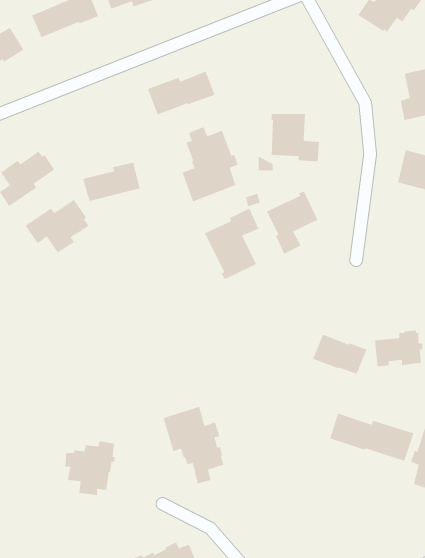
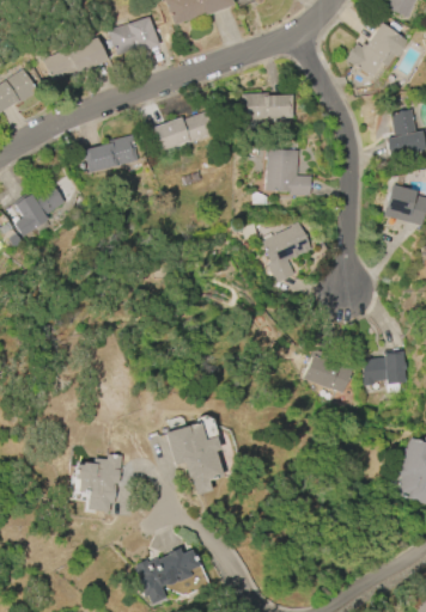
building: none -> [242,93,293,123]
building: [182,126,239,202] -> none
building: [82,162,140,202] -> [85,135,139,172]
building: [24,199,89,254] -> none
building: [204,207,260,280] -> none
building: [329,413,415,462] -> none

